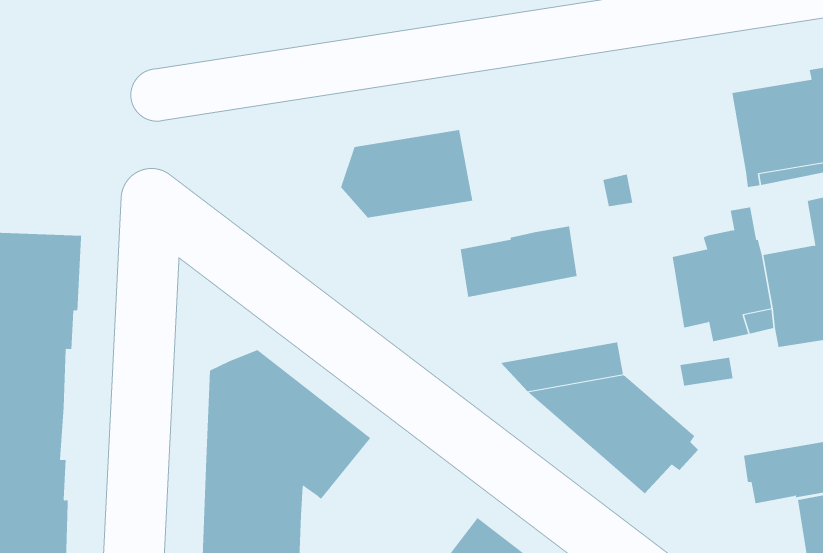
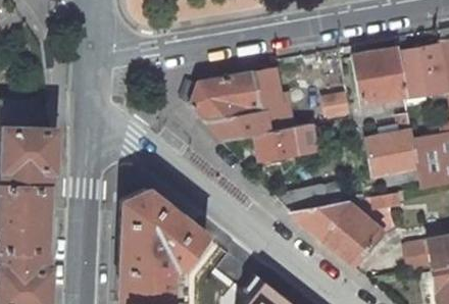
building: none -> [354,47,407,112]
building: none -> [207,68,296,141]

